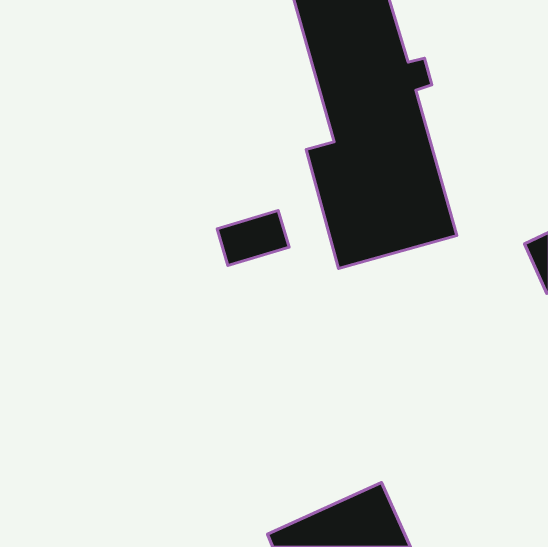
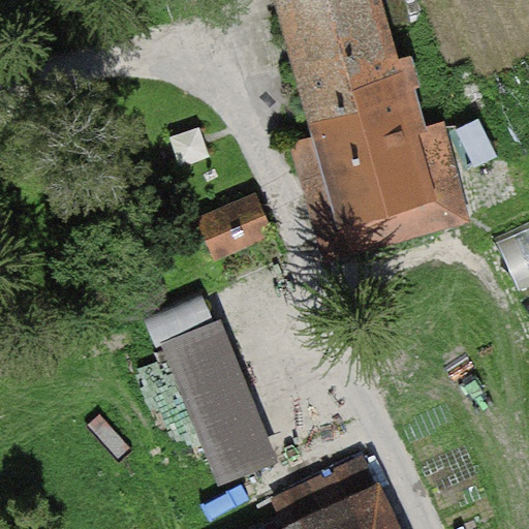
building: none -> [176,325,275,478]

